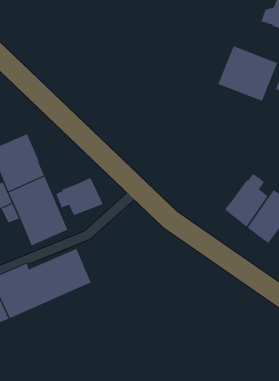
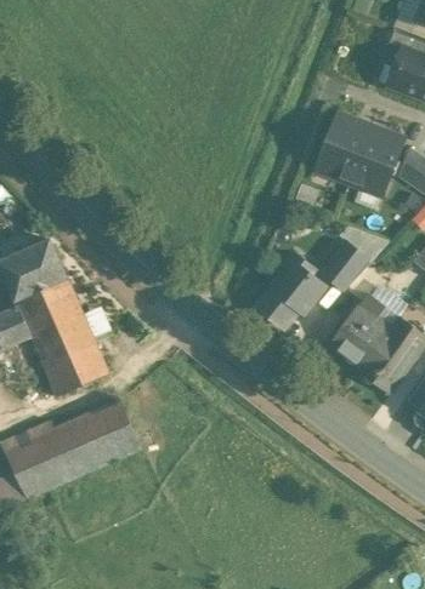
building: none -> [322,240,372,288]
building: none -> [257,252,325,326]
building: [55,177,103,216] -> none

